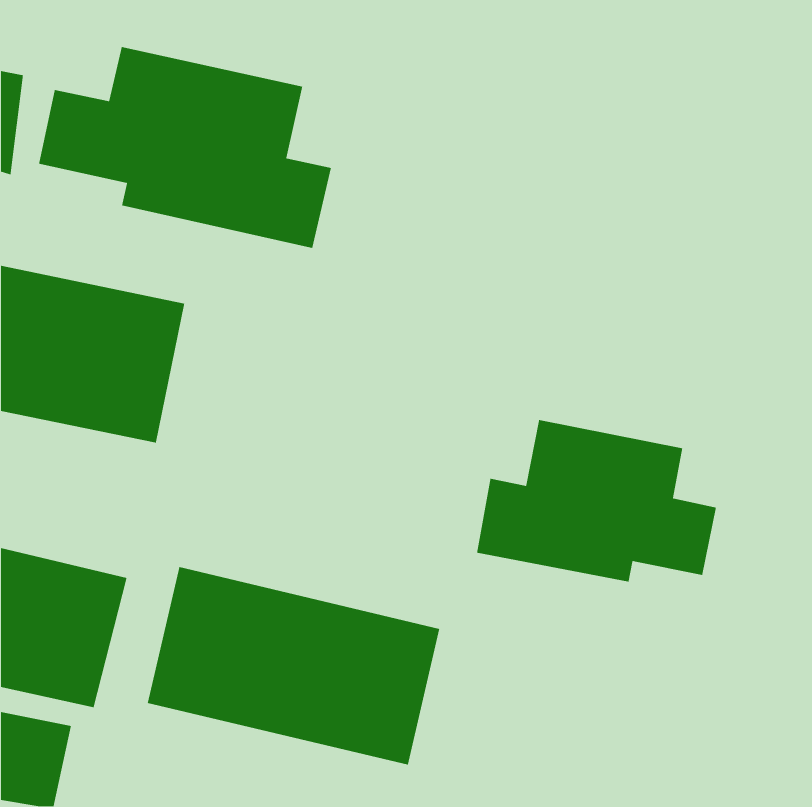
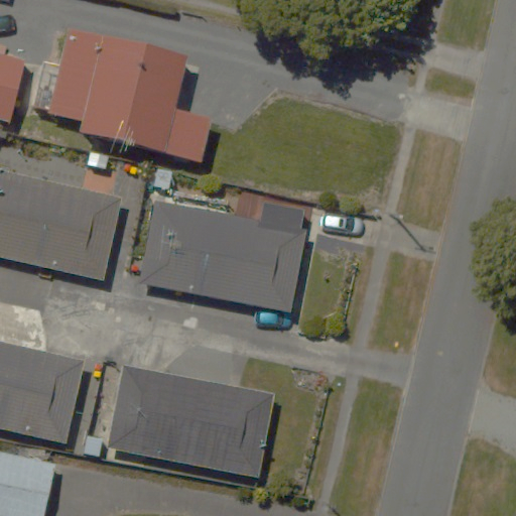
building: none -> [129,194,303,313]
building: [476,419,717,582] -> none

